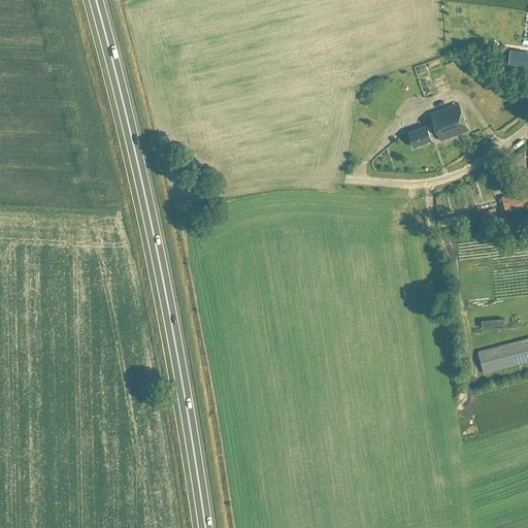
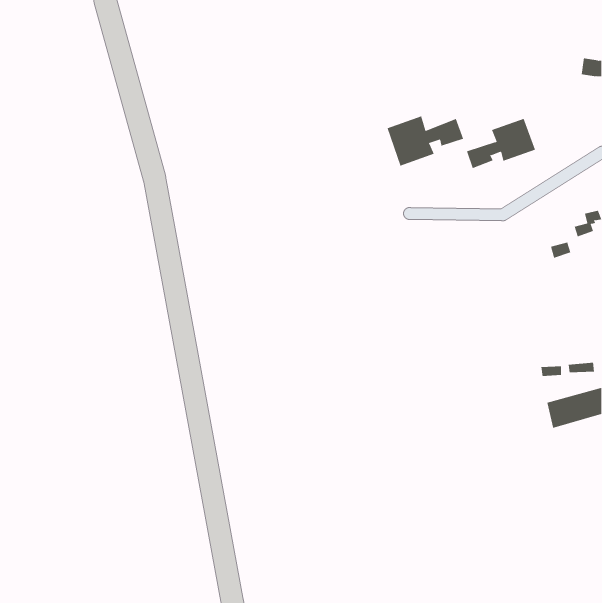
building: none -> [387,116,464,167]

